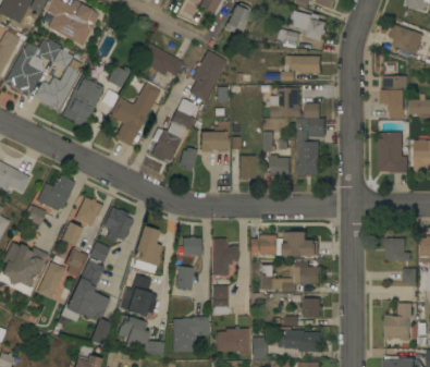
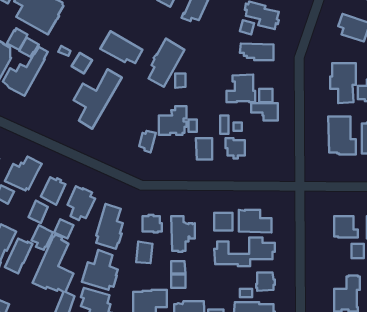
building: [61,73,103,129] -> none
building: [150,98,195,161] -> none
building: [298,131,320,175] -> none

